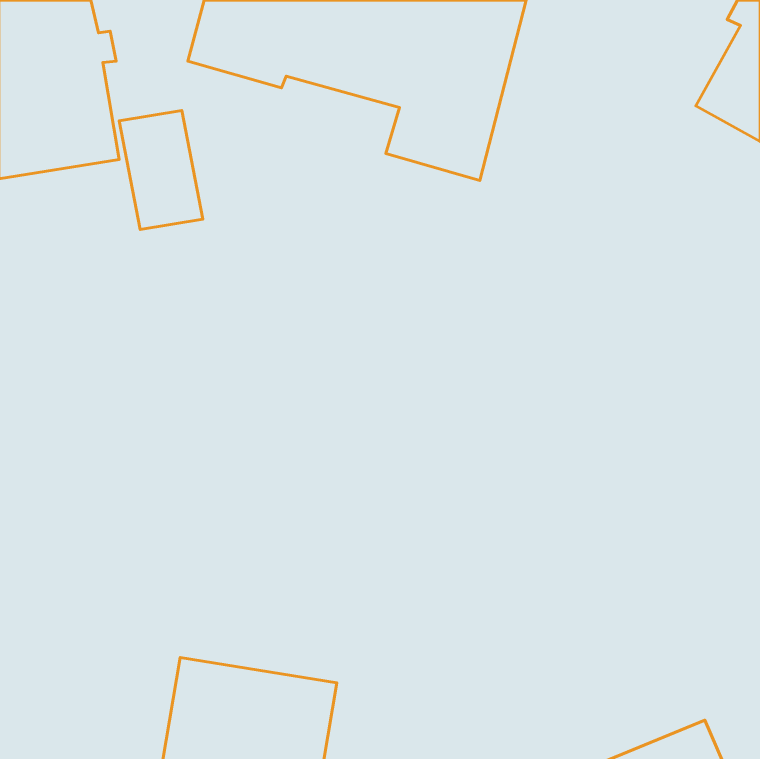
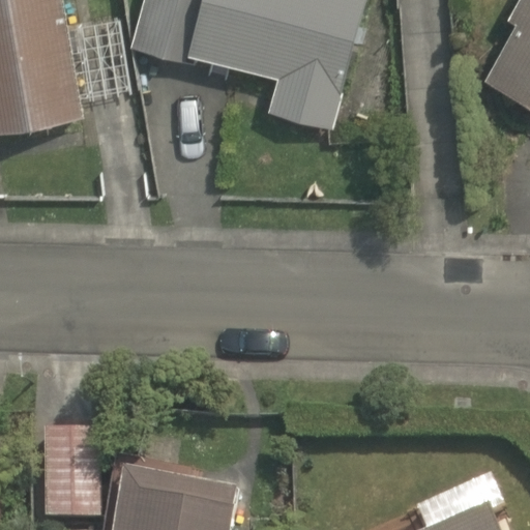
building: none -> [41,425,106,522]

